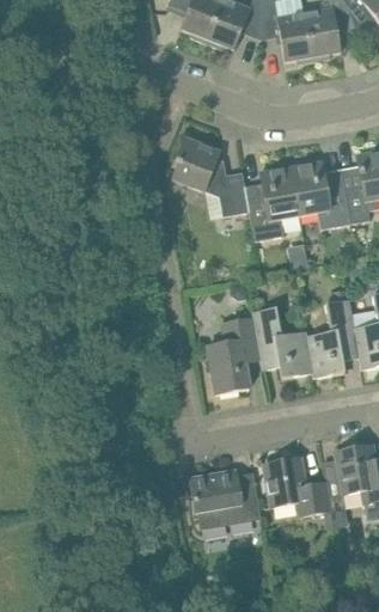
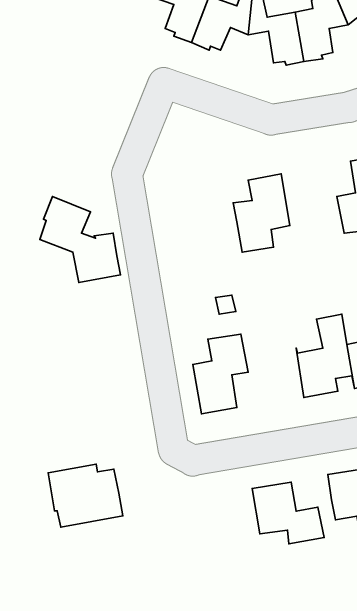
building: [173,136,250,218] -> [40,197,121,282]
building: [292,159,352,227] -> none
building: [252,306,313,377] -> none
building: [190,467,261,527] -> [48,464,123,527]

